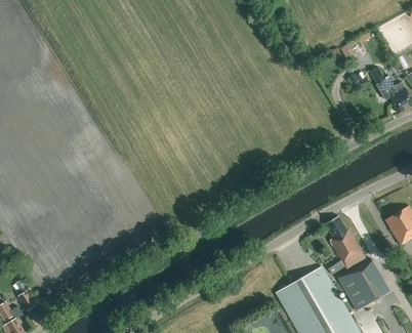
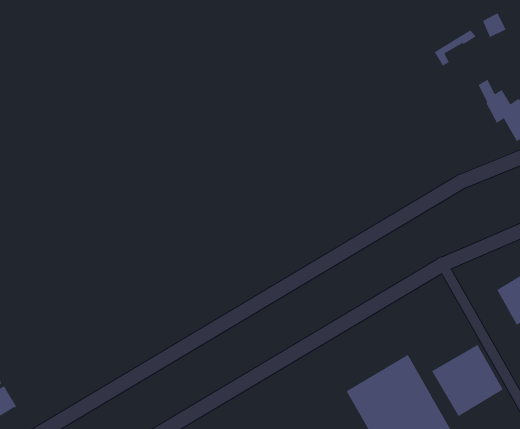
building: [325,215,366,268] -> none

